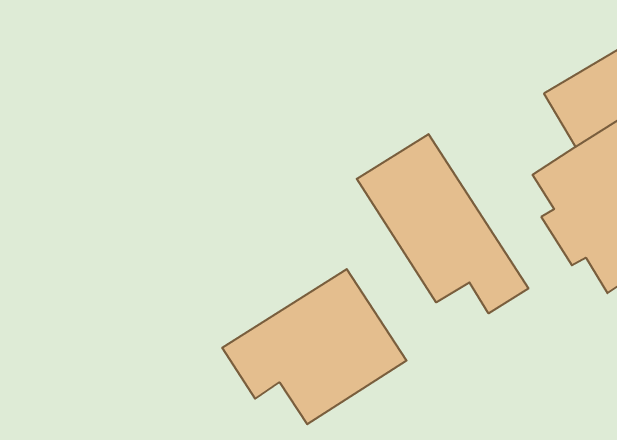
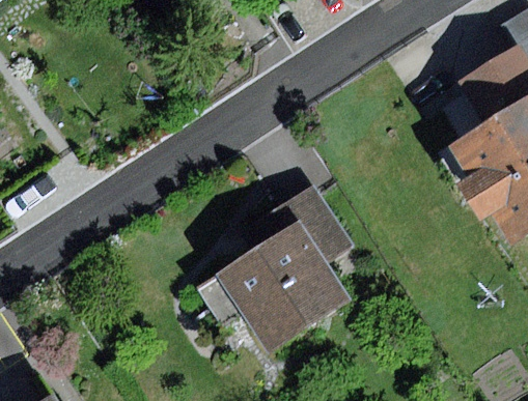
building: [357,134,528,313] -> none

